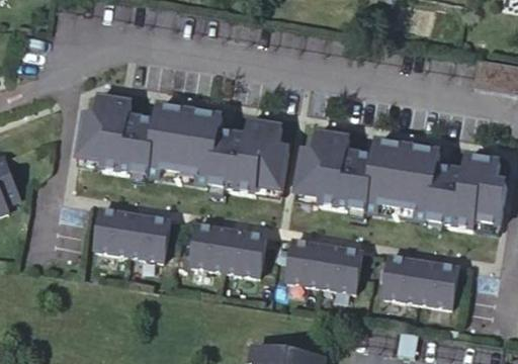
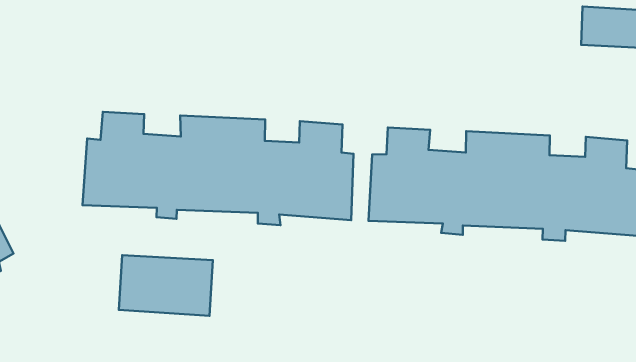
building: [190,221,266,275] -> none
building: [286,236,361,290] -> none
building: [383,253,458,307] -> none

